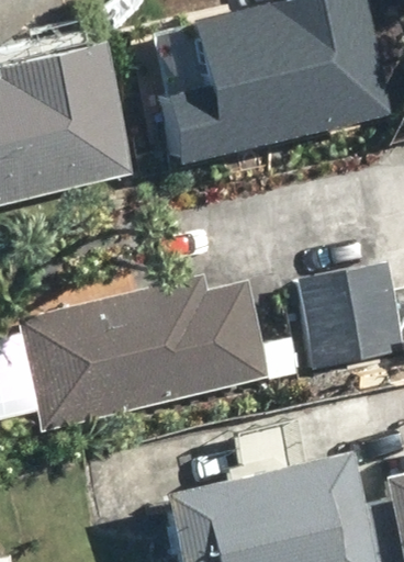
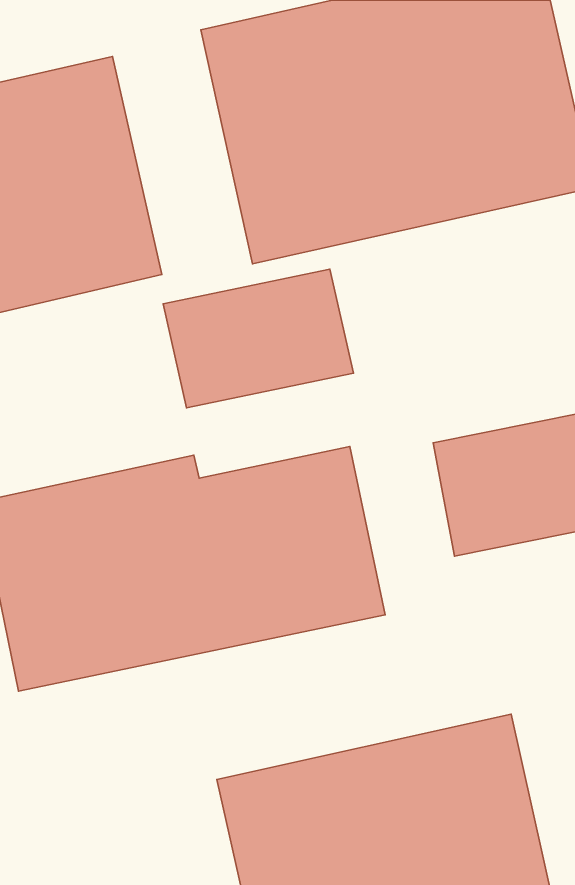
building: none -> [163,269,353,408]

